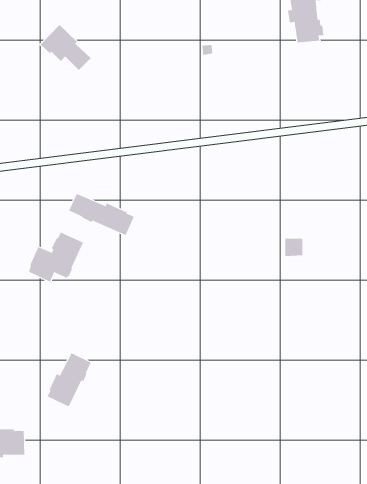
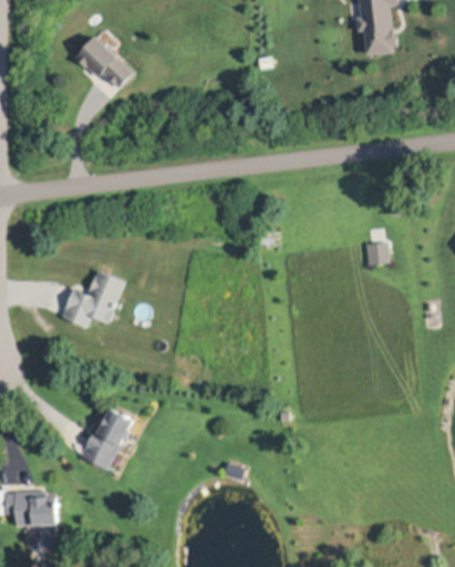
building: [69,193,134,236] -> none
building: [285,238,303,257] -> [368,246,389,267]

